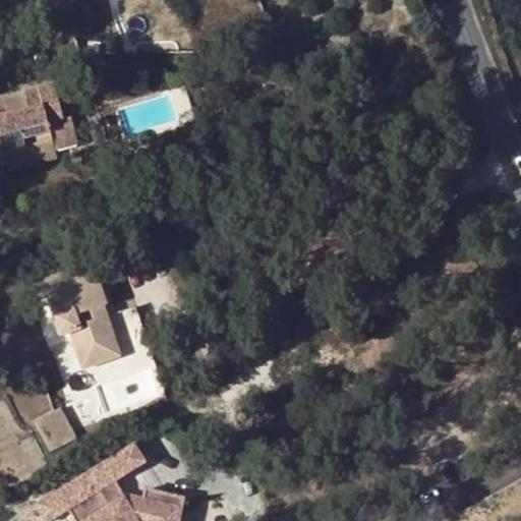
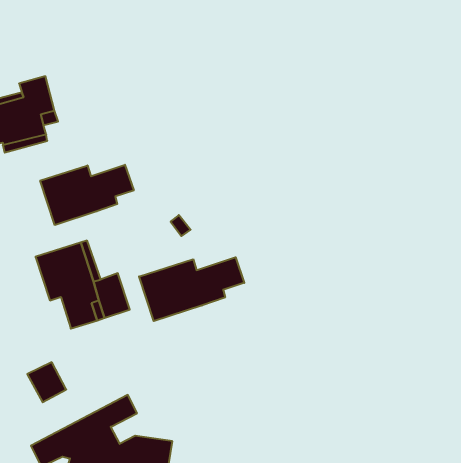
building: none -> [40,165,134,225]
building: none -> [139,257,244,321]

